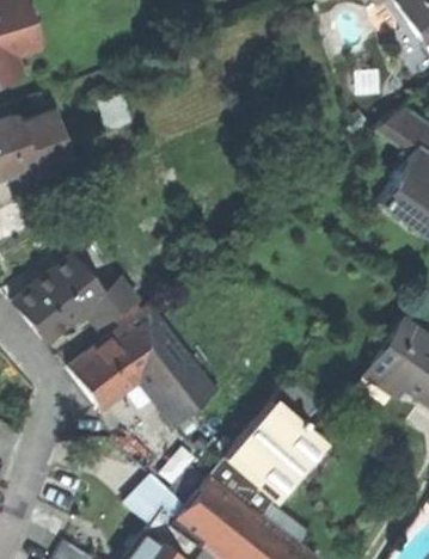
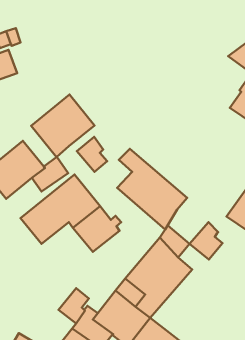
building: none -> [31,95,94,157]
building: none -> [77,137,107,172]
building: none -> [117,149,187,229]
building: none -> [190,222,223,259]

